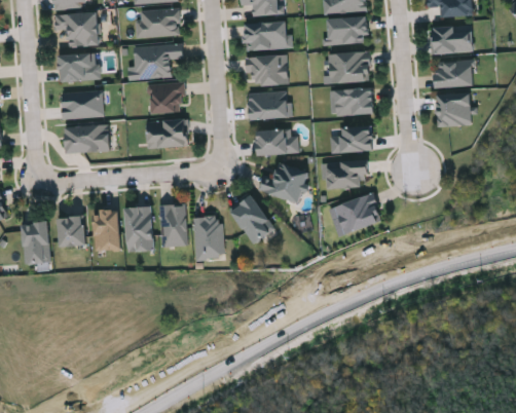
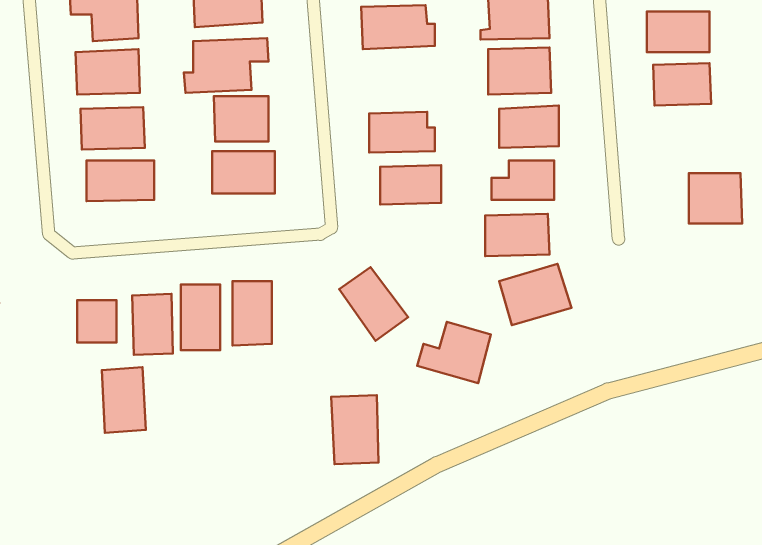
building: [246,55,287,84] -> none
building: [437,92,472,125] -> [689,173,742,224]
building: [259,162,307,202] -> [417,322,491,383]
building: [193,215,224,260] -> [331,395,378,464]
building: [22,221,50,264] -> [102,367,146,433]

